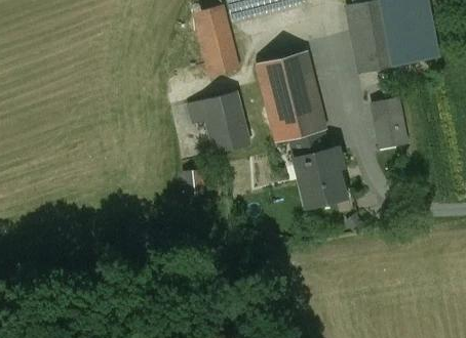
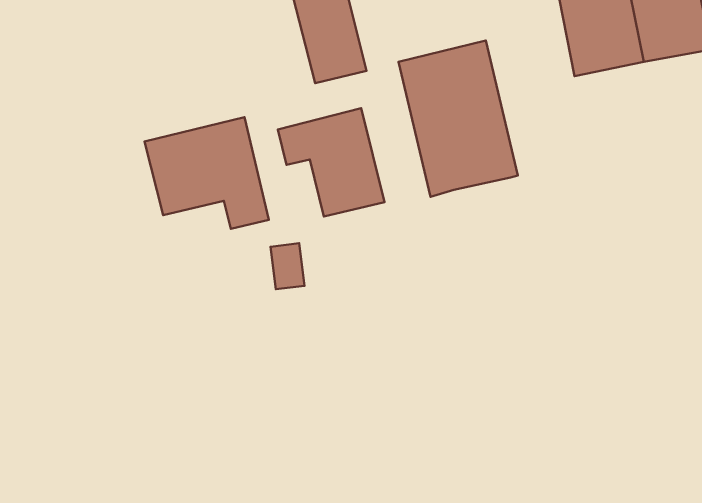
building: none -> [145,117,269,229]
building: [371,96,407,147] -> none
building: [289,130,345,206] -> none

